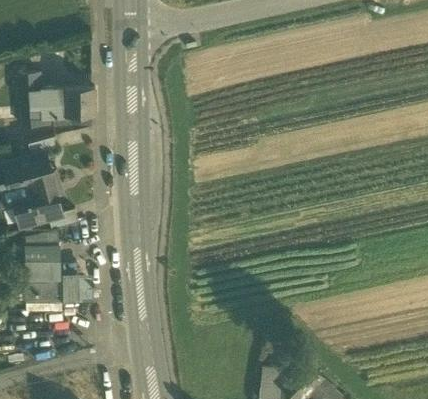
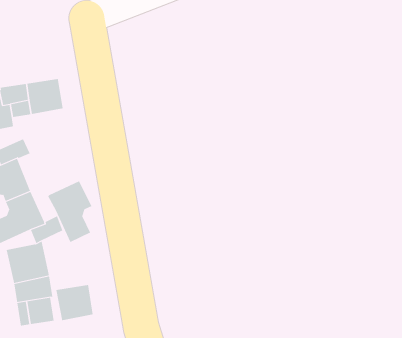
building: none -> [47,181,92,243]

